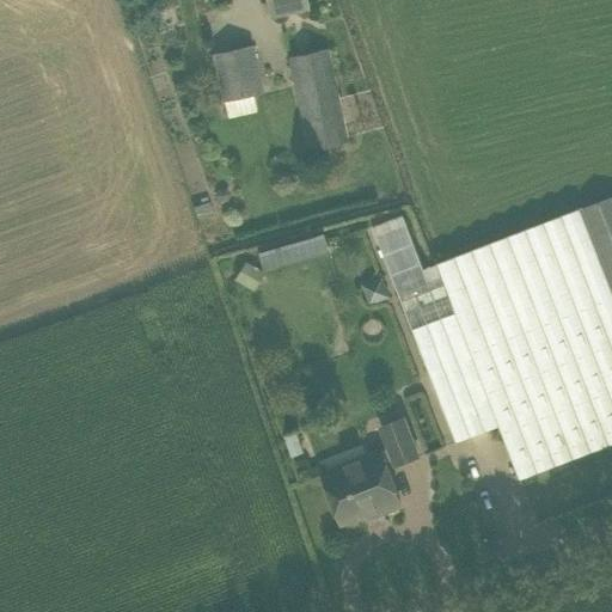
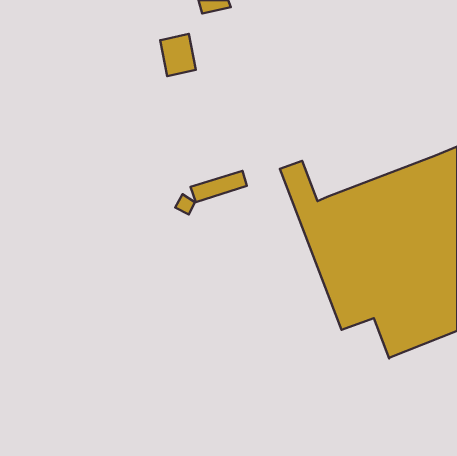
building: [288,50,349,153] -> none
building: [323,418,418,524] -> none

